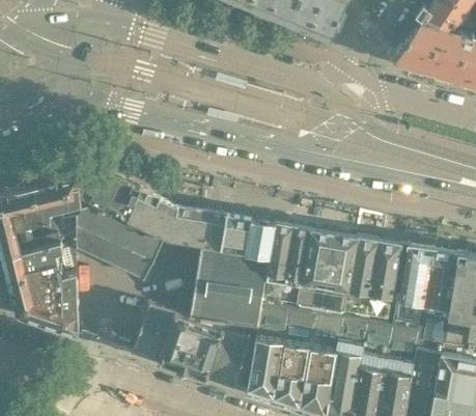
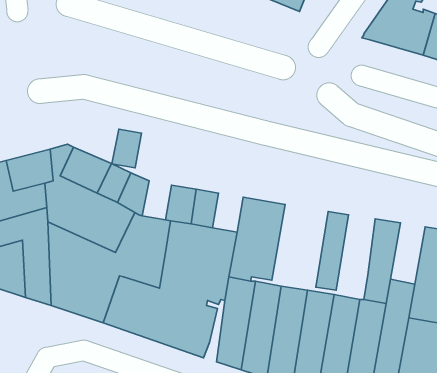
building: [171,210,201,249] -> [112,129,141,168]
building: [243,222,274,261] -> none
building: [303,233,360,317] -> none
building: [368,244,399,324] -> none
building: [423,252,458,314] -> none

